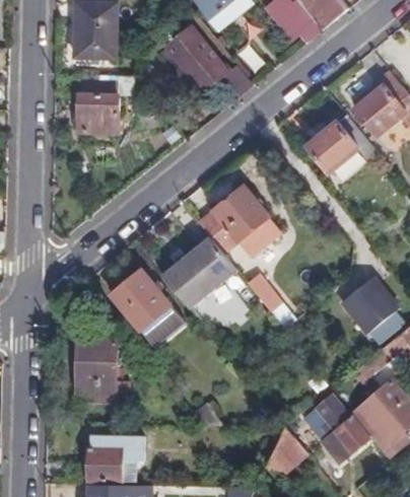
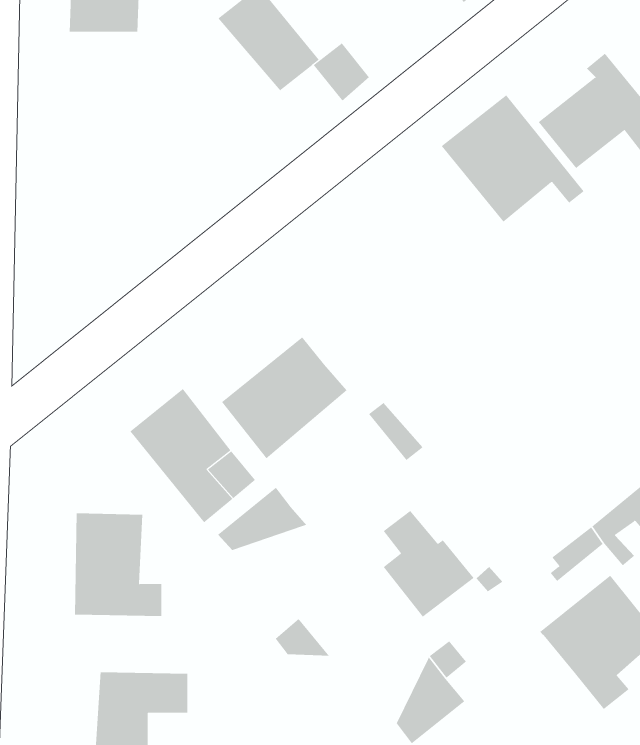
building: [79,84,117,134] -> none
building: [200,188,279,255] -> none
building: [342,277,399,334] -> none
building: none -> [217,487,307,551]
building: [317,396,370,458] -> [383,510,474,617]

